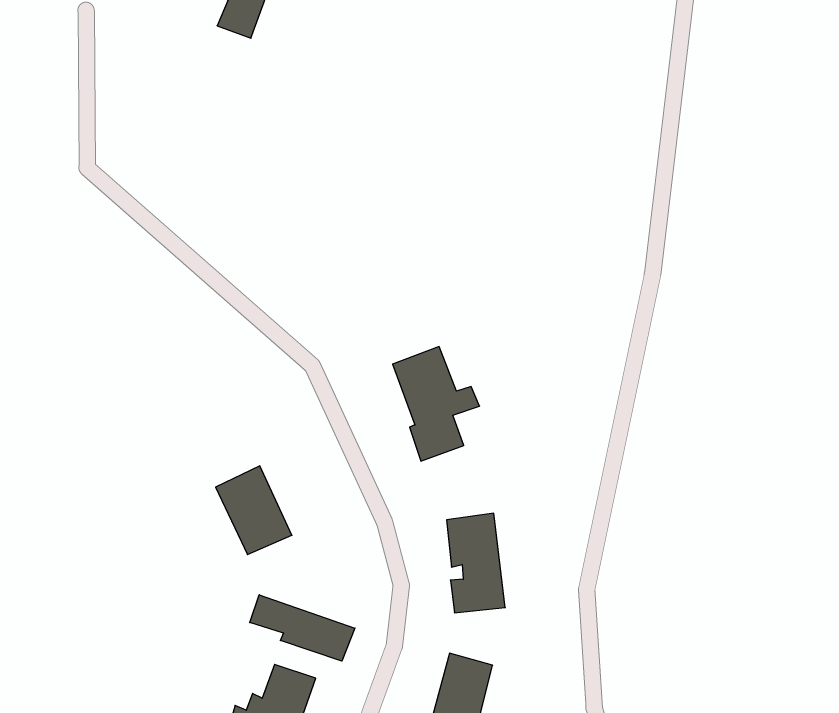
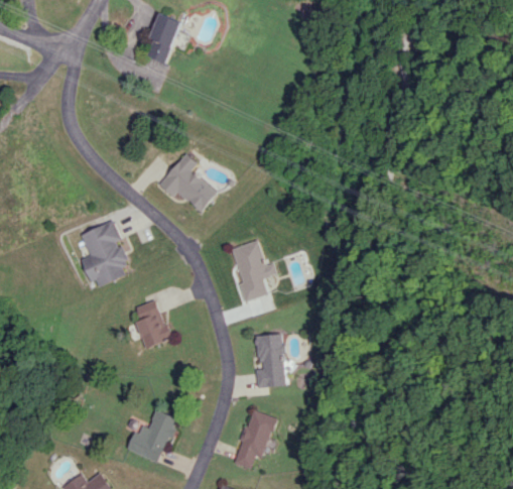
building: none -> [158,153,218,213]
building: none -> [80,221,127,288]
building: [250,595,355,661] -> none

